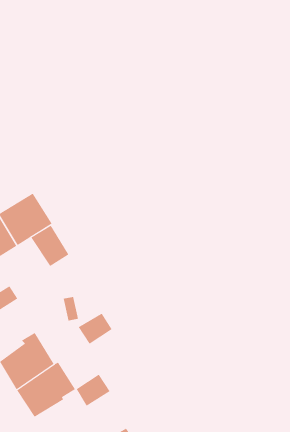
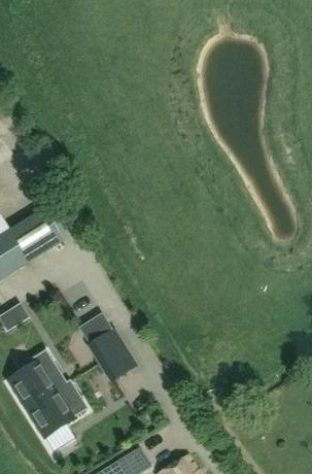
building: [30,225,69,267] -> none
building: [76,374,110,406] -> [100,346,135,379]

